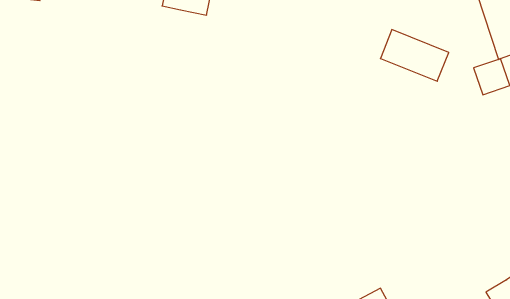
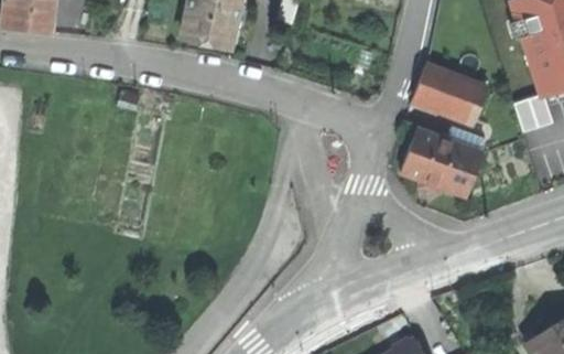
building: none -> [401,129,478,193]

